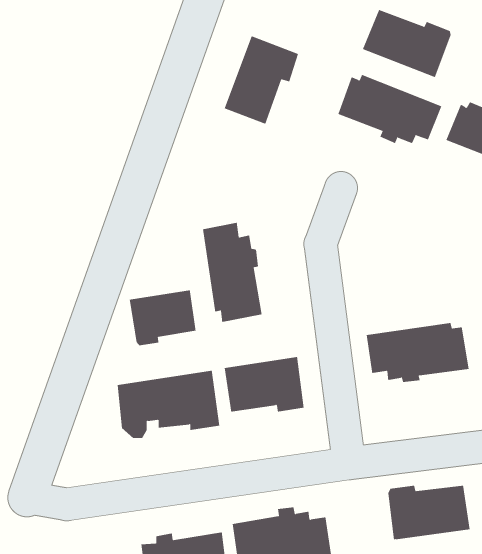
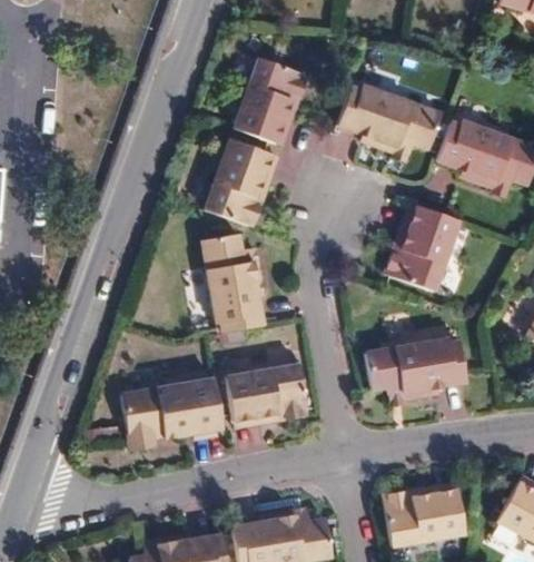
building: [362,9,451,78] -> none
building: none -> [197,136,264,223]
building: none -> [385,205,462,292]
building: [129,290,196,346] -> none

